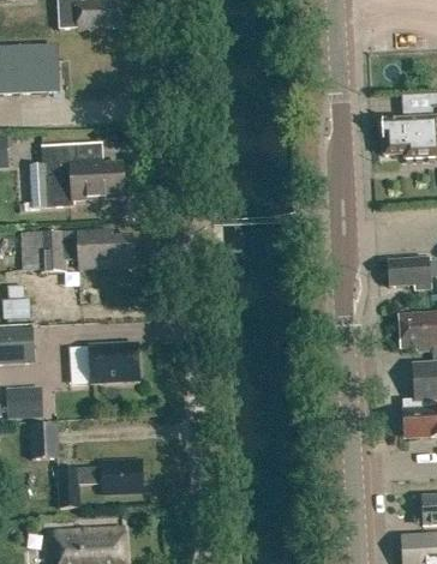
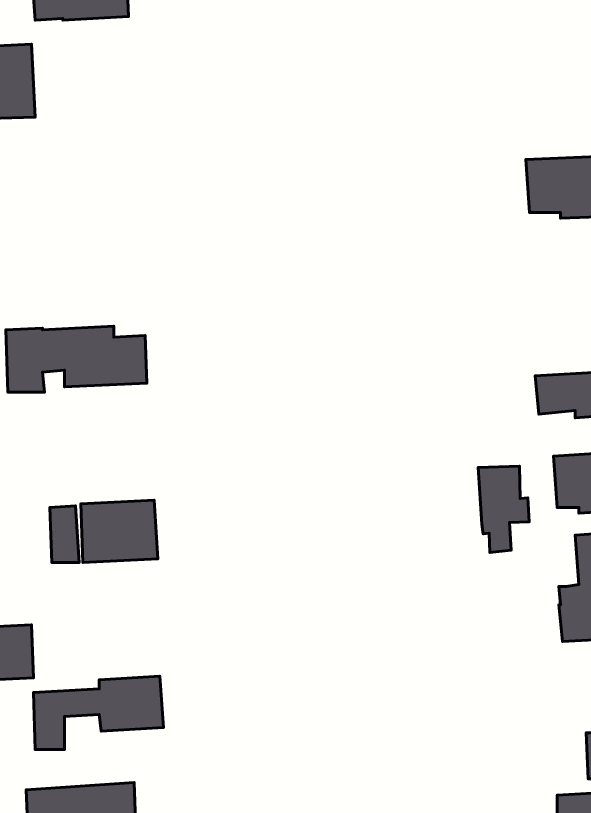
building: [42,142,124,206] -> none
building: none -> [478,466,529,553]

